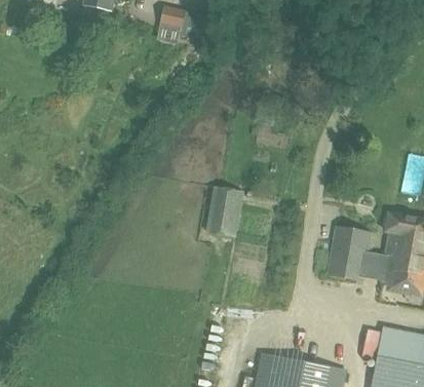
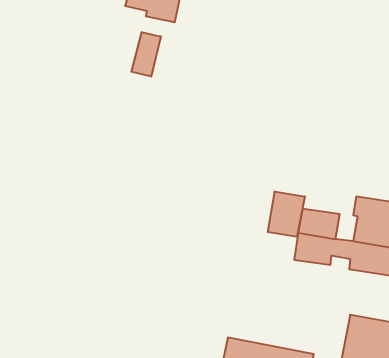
building: none -> [131,32,161,77]
building: [209,187,241,237] -> none
building: none -> [268,191,305,237]

